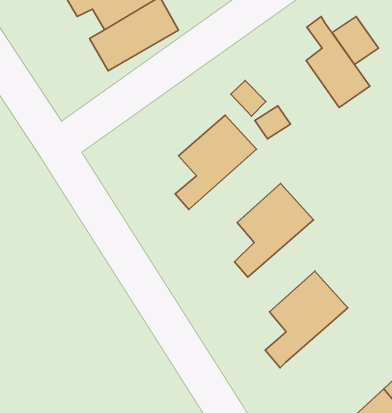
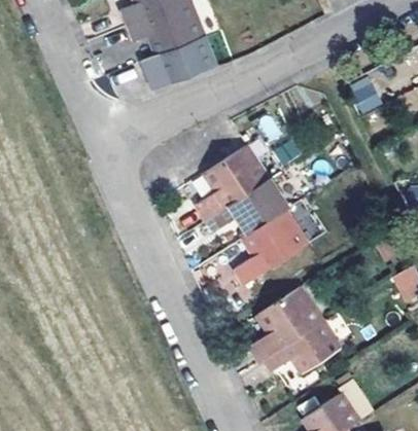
building: [306,16,370,107] -> none
building: none -> [206,177,289,232]
building: none -> [267,319,341,368]

